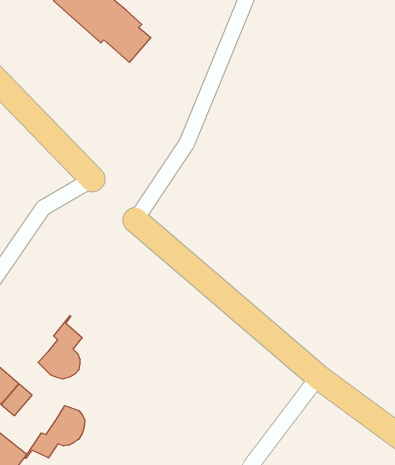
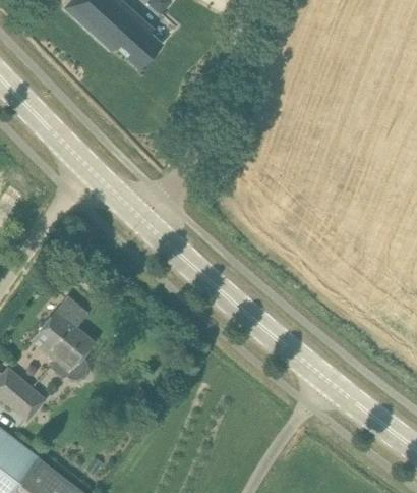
building: none -> [35,295,88,357]
building: [25,406,85,458] -> none

